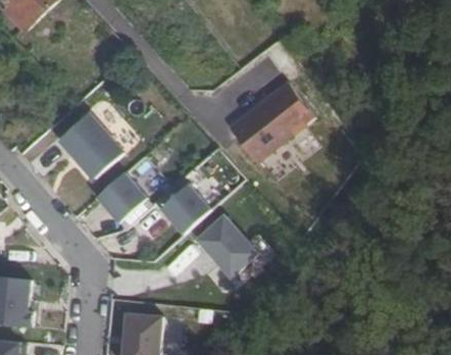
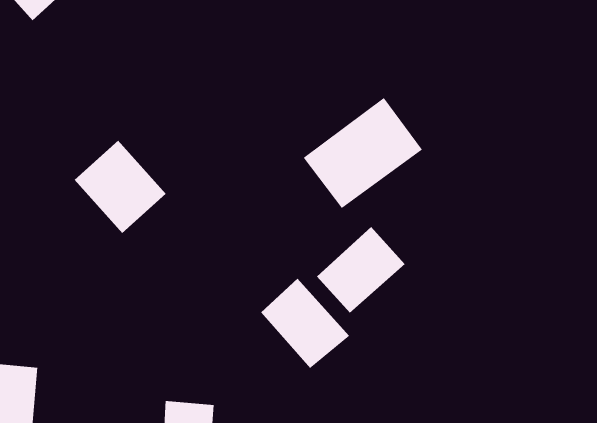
building: [95,171,152,229] -> none
building: none -> [316,226,406,314]
building: [158,184,211,238] -> none

